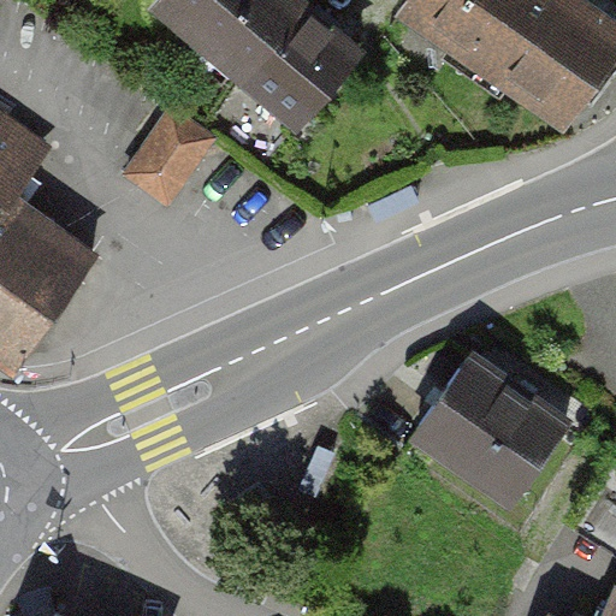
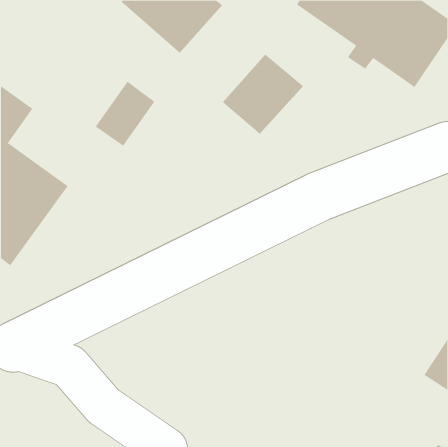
building: [247,10,359,120] -> [222,54,304,135]
building: [419,359,568,502] -> none

